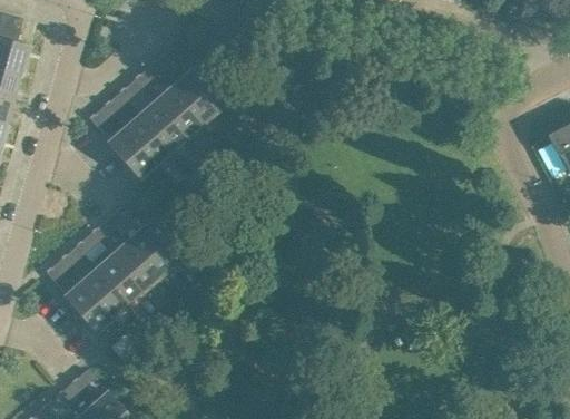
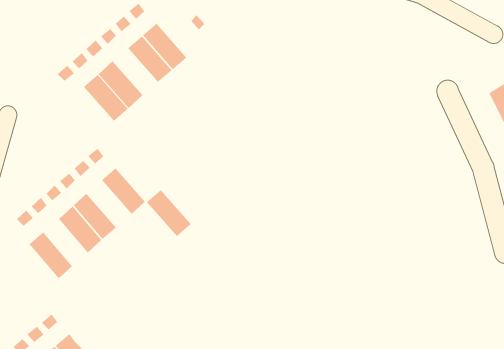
building: [153,87,200,137] -> none
building: [106,128,154,178] -> none
building: [125,227,173,277] -> [146,190,191,237]
building: [79,269,126,319] -> none

